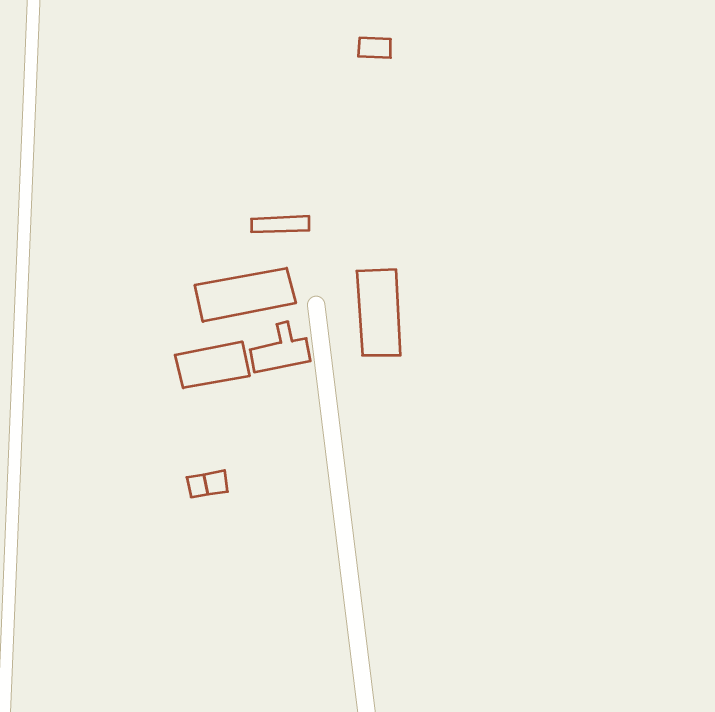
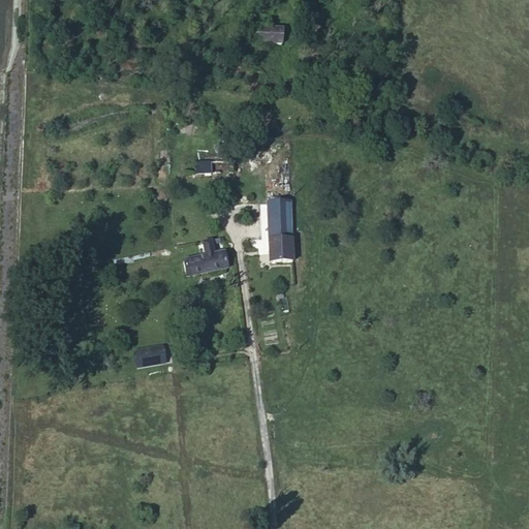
building: [195,268,296,322] -> none
building: [175,342,249,388] -> none

